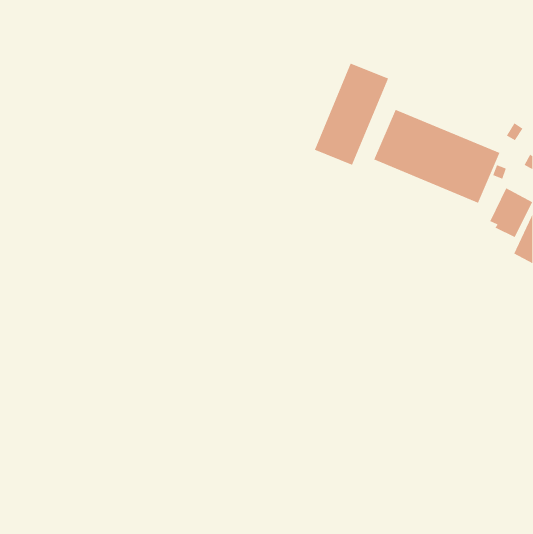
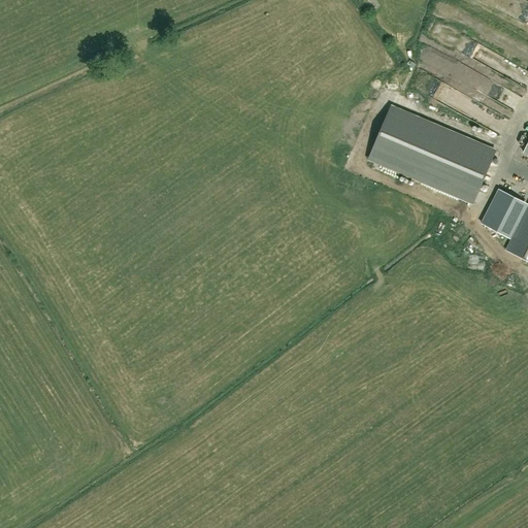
building: [314,63,389,166] -> none

